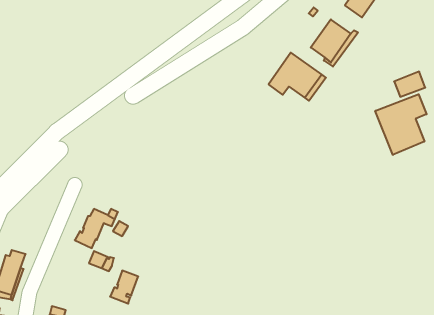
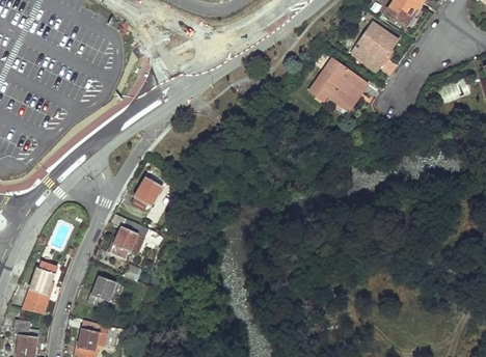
building: [375,94,427,155] -> none
building: none -> [133,175,164,210]
building: [110,271,138,304] -> [88,274,117,308]

